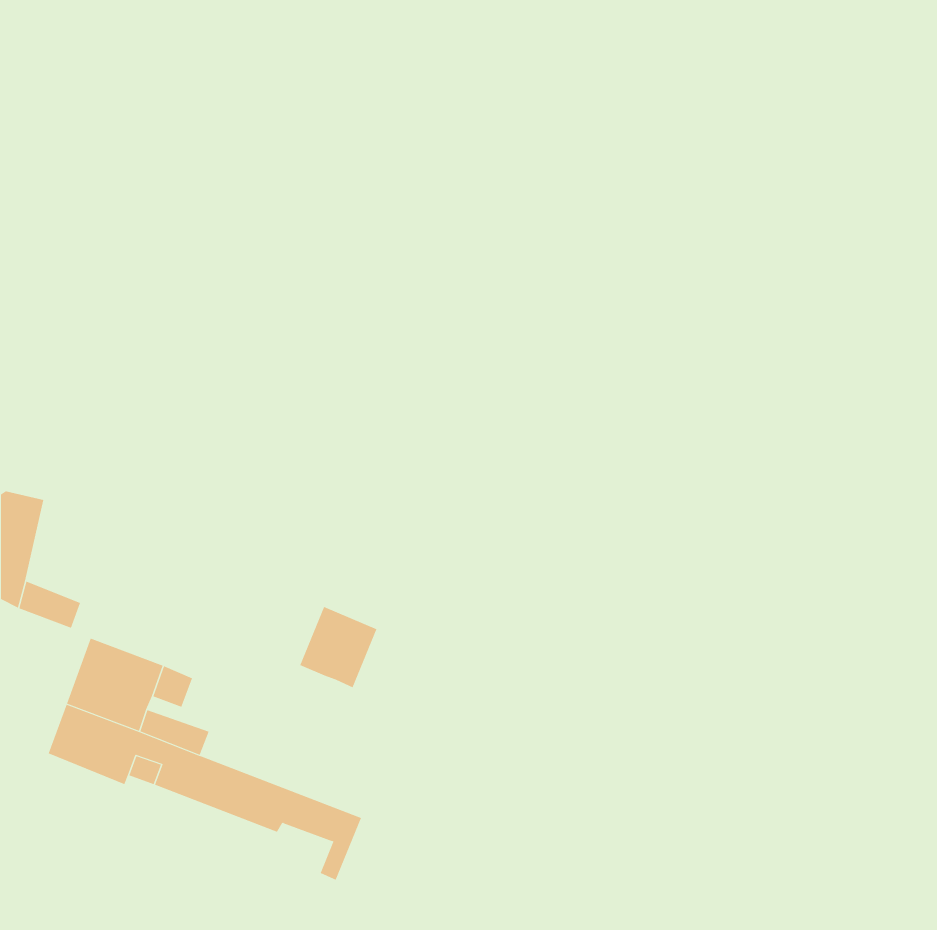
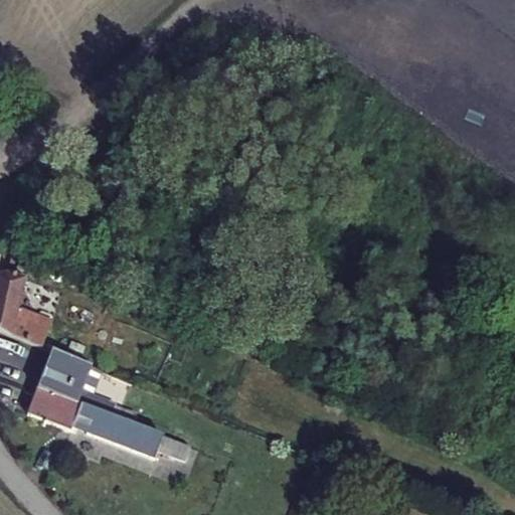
building: [300,606,377,688] -> none

